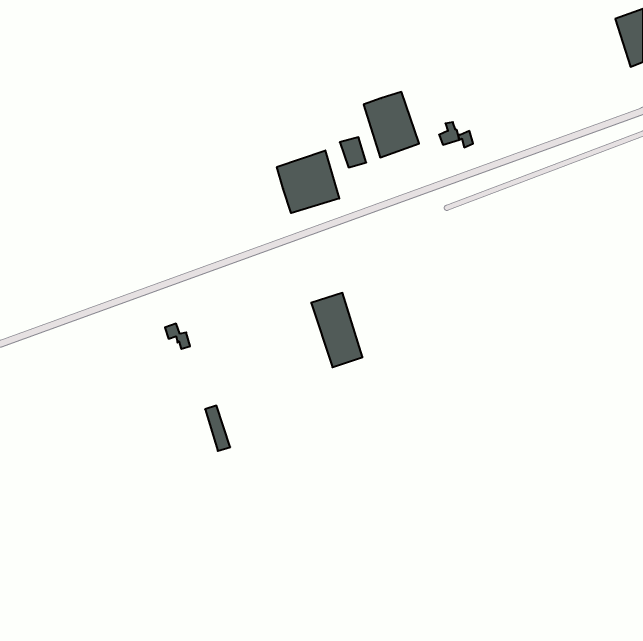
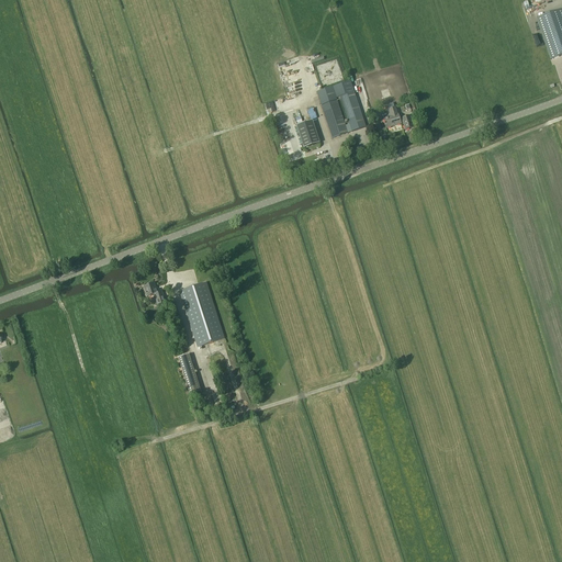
building: [277,150,339,213] -> none
building: [311,293,363,367] -> [179,281,224,346]

